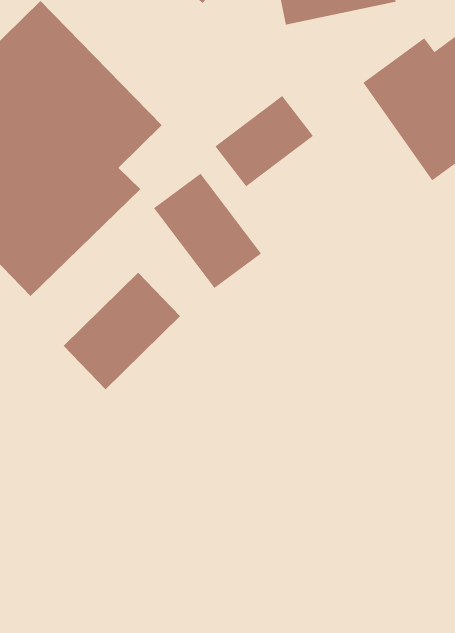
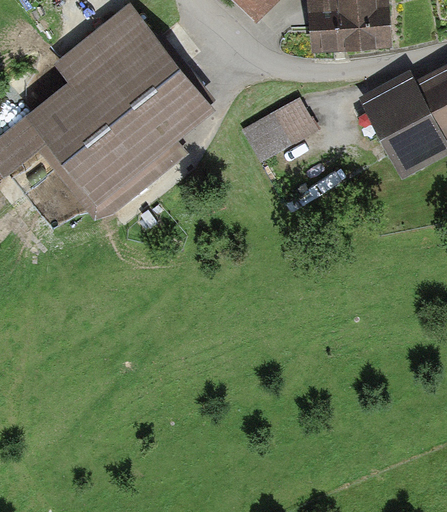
building: [153,173,262,289] -> none
building: [63,272,181,390] -> none

